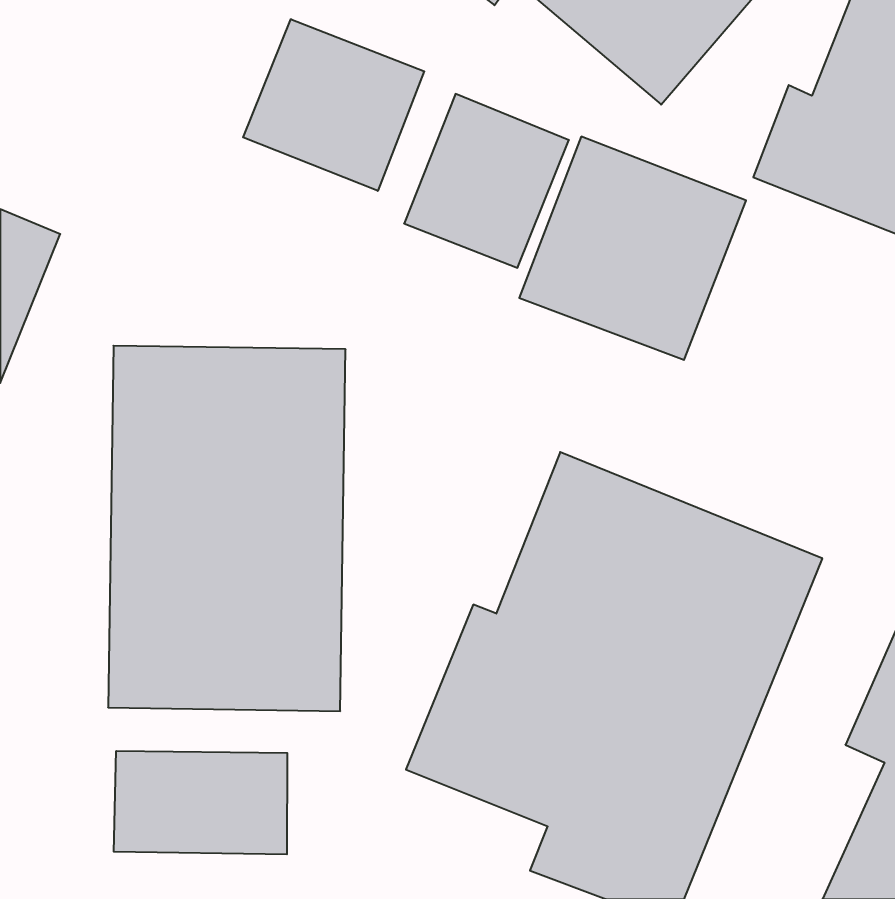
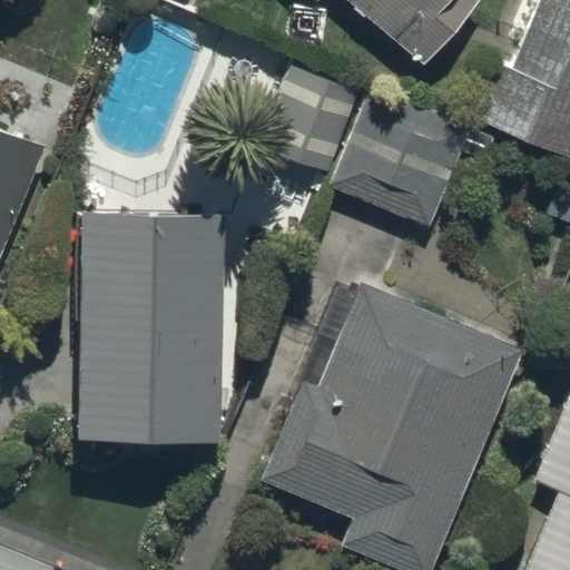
building: [243,19,424,191] -> none
building: [114,751,287,854] -> none

